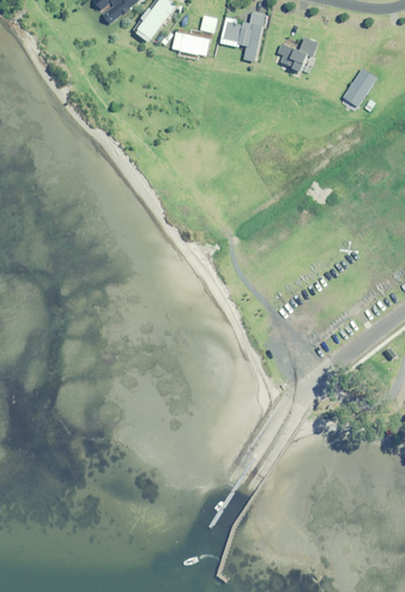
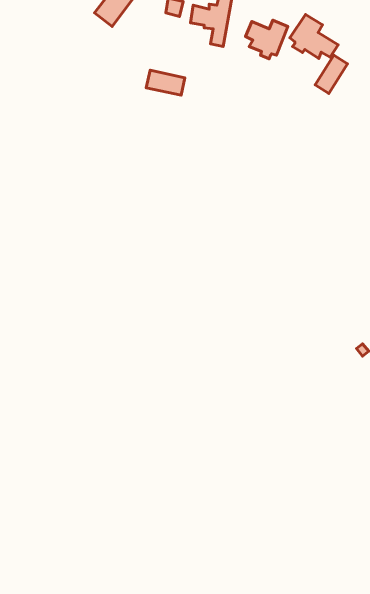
building: none -> [290,14,338,59]
building: [171,31,208,55] -> [146,70,185,95]

